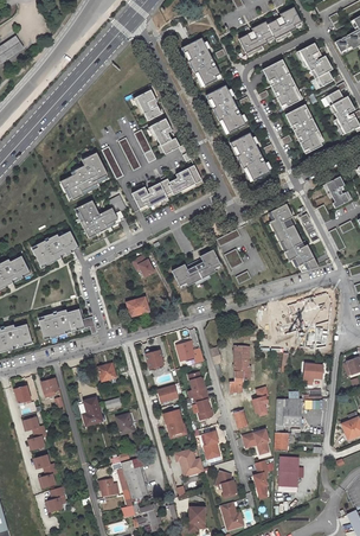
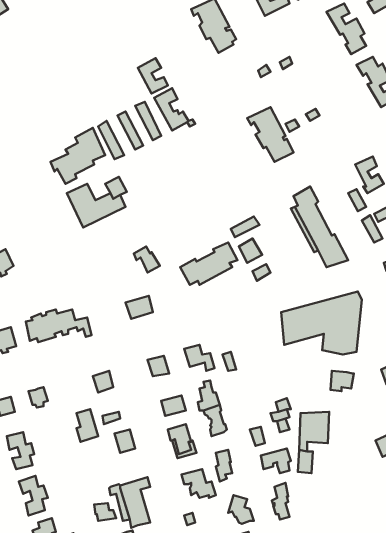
building: [263,59,301,107] -> none
building: [207,85,248,133] -> none
building: [287,103,323,151] -> none
building: [131,164,202,208] -> none
building: [32,231,78,264] -> none
building: [230,344,251,393] -> none
building: [278,454,303,490] -> none

